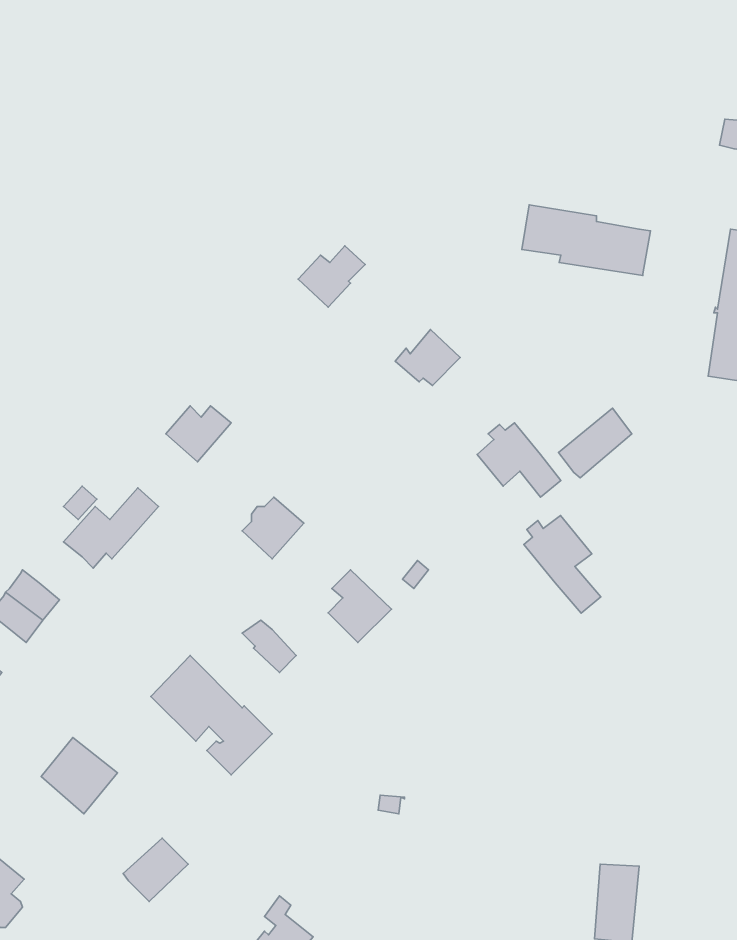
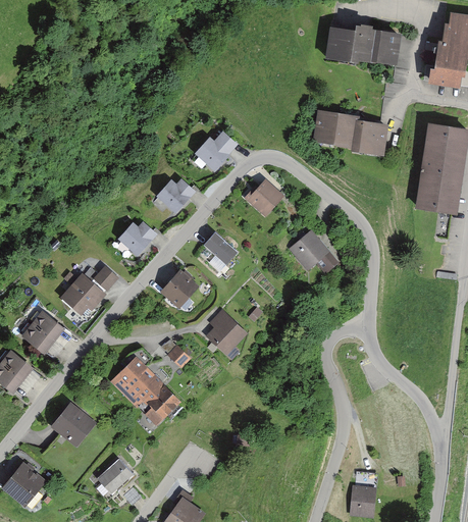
building: none -> [327,27,399,61]
building: none -> [158,181,193,212]
building: [558,408,632,478] -> none
building: none -> [203,231,237,265]
building: [524,516,601,613] -> none

